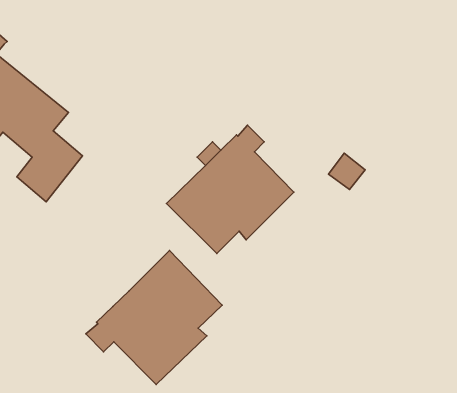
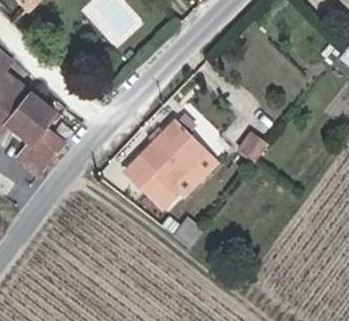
building: [86,251,222,384] -> none

